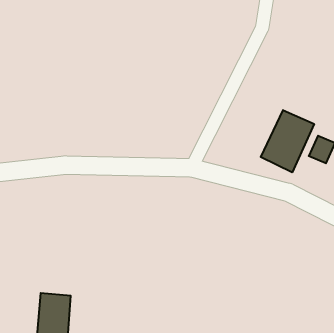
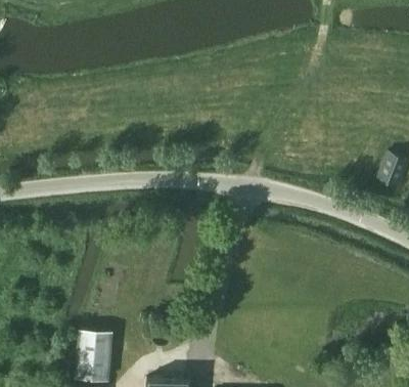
building: [261,110,314,172] -> none

